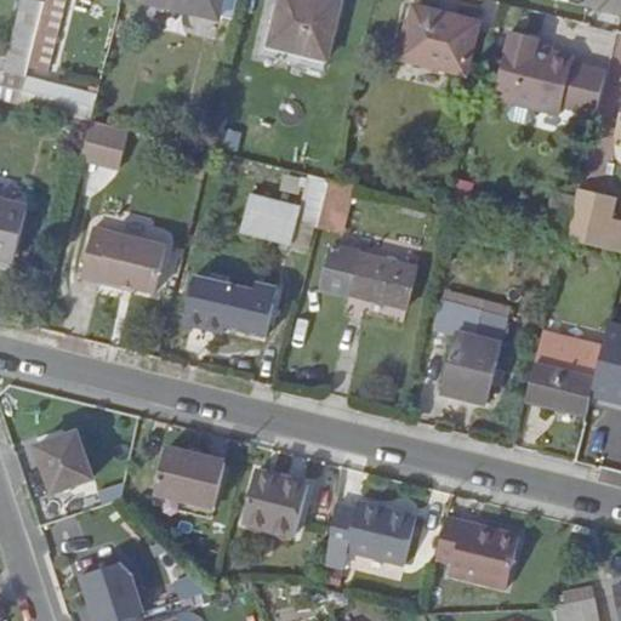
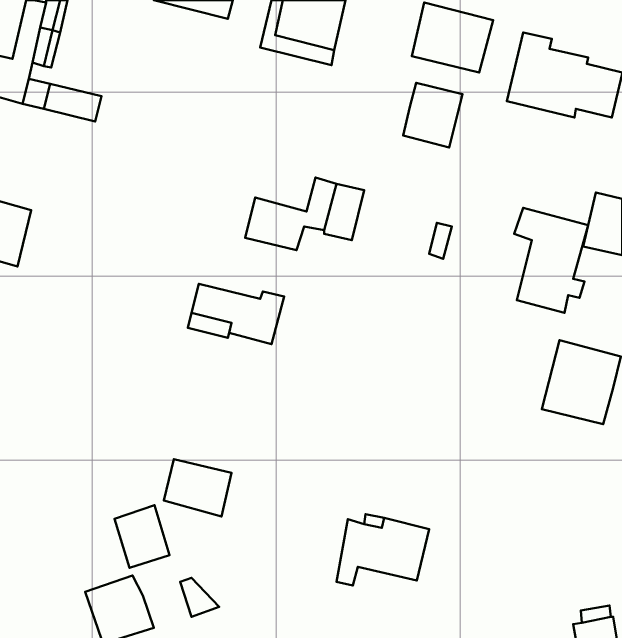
building: none -> [403,83,463,147]
building: [82,119,130,167] -> none
building: [84,224,169,290] -> none
building: [315,243,414,306] -> none
building: [437,300,508,401] -> [514,208,588,313]
building: [42,433,96,494] -> [114,505,170,568]
building: [249,469,313,532] -> none
building: [437,518,519,588] -> none

